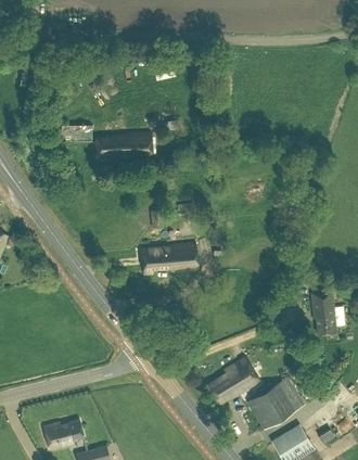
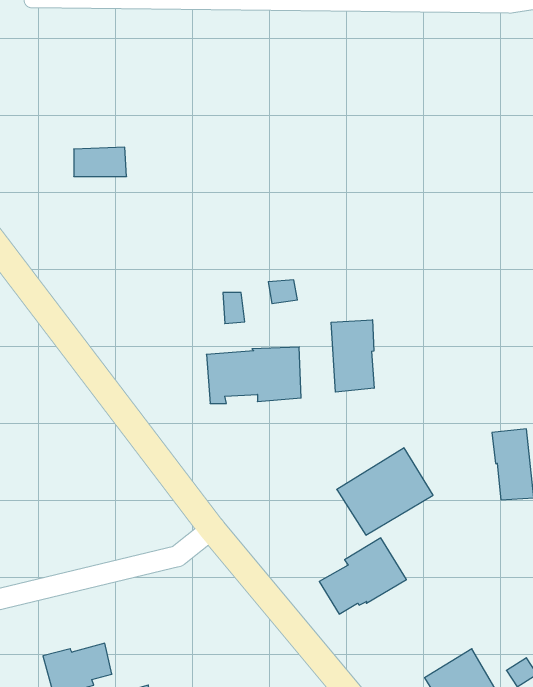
building: [95,132,152,161] -> none
building: none -> [331,320,374,392]
building: [246,376,304,429] -> [337,448,433,535]

